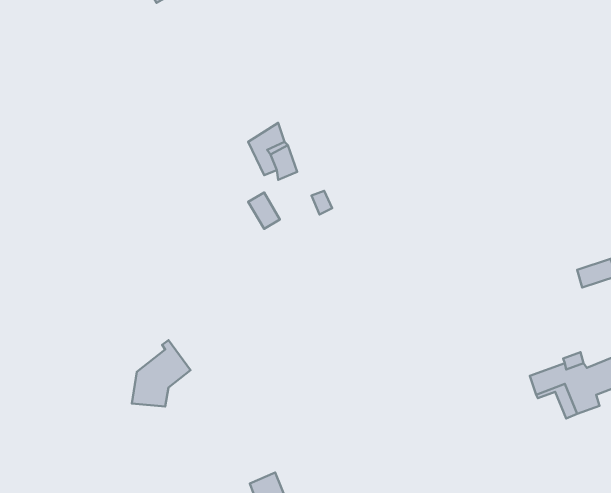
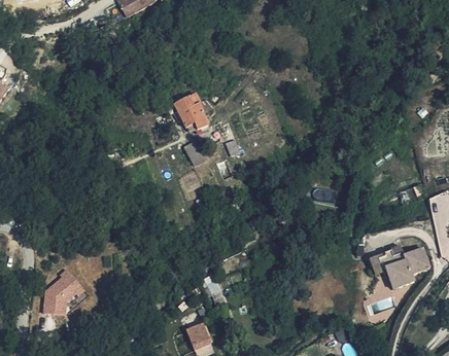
building: [132,340,191,407] -> [41,271,79,314]

